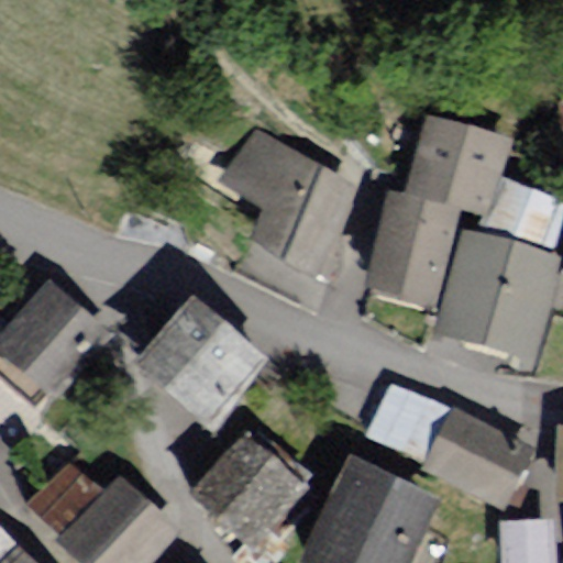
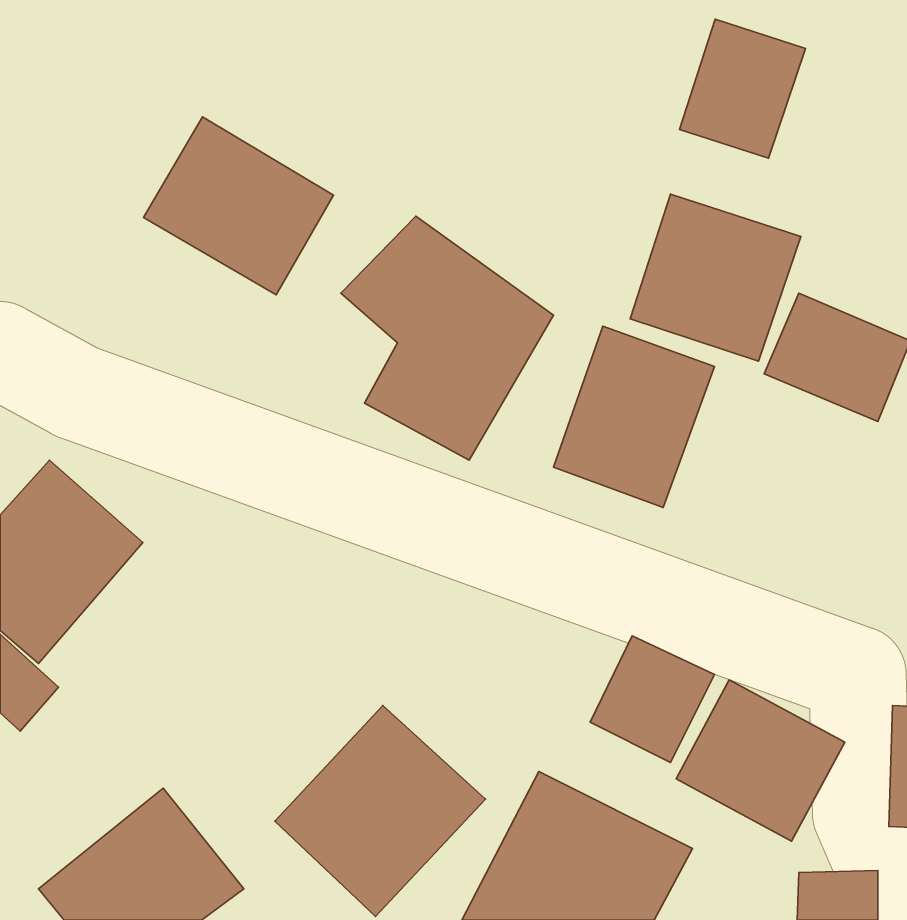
building: none -> [679,19,805,158]
building: none -> [143,117,334,295]
building: [428,232,543,361] -> none
building: [117,296,252,430] -> none

